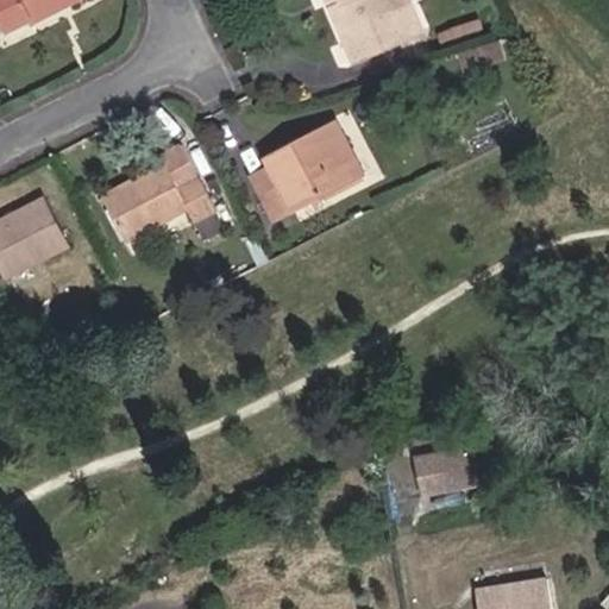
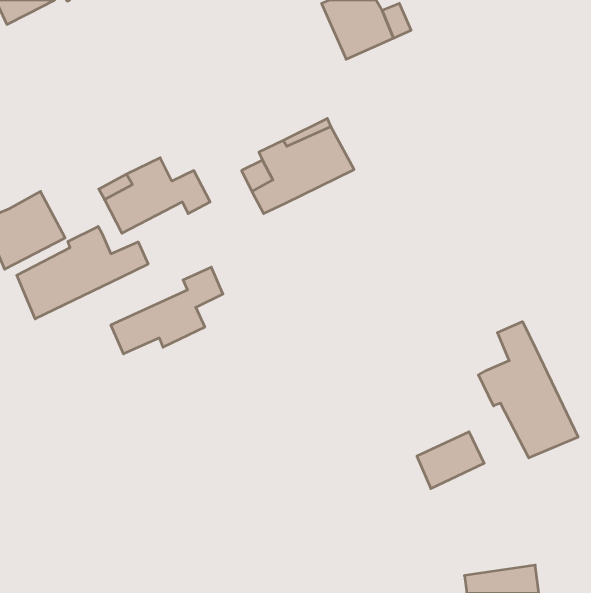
building: none -> [17,226,148,319]
building: none -> [111,267,223,354]
building: none -> [478,322,578,458]

